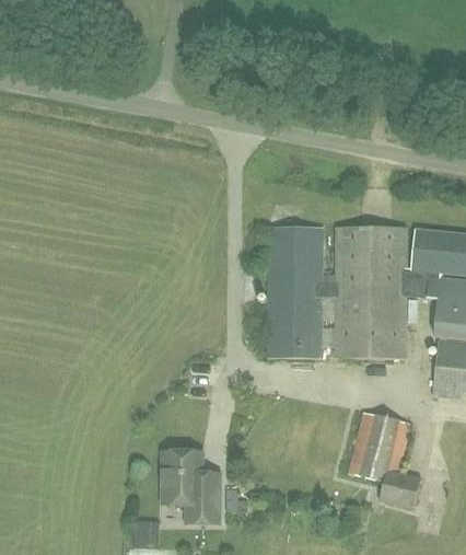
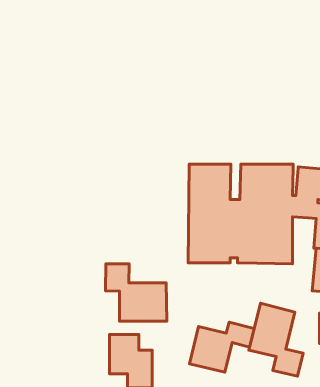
building: none -> [106,264,167,321]
building: none -> [189,322,254,372]

